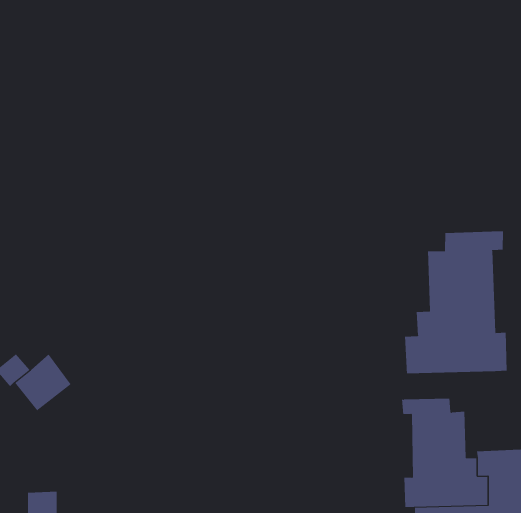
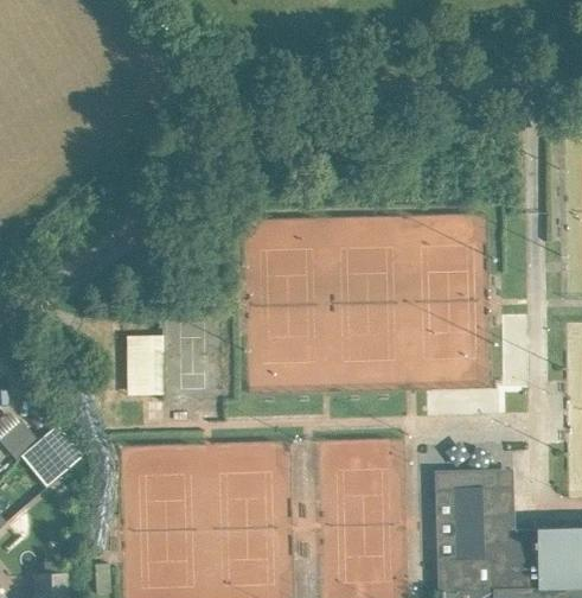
building: [405,230,507,374] -> none
building: none -> [133,335,159,394]

